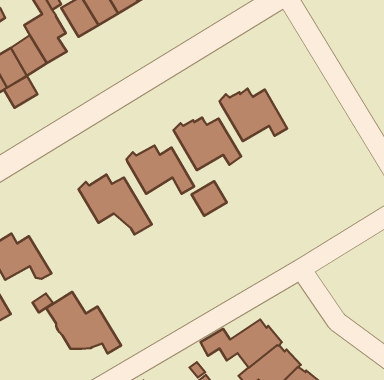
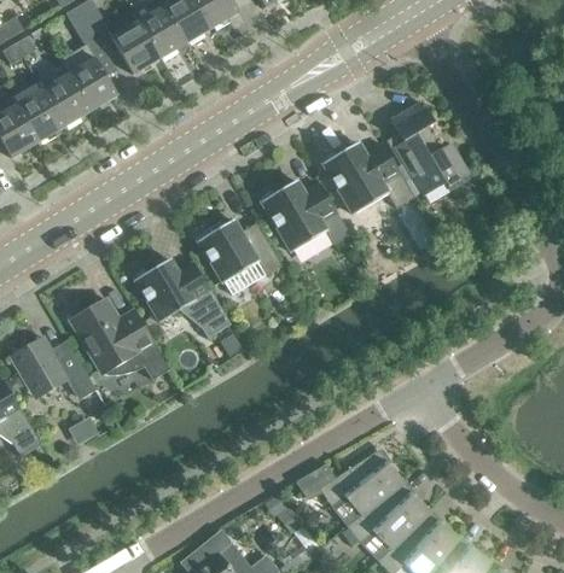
building: none -> [385,103,467,195]
building: [4,76,38,108] -> none
building: [192,181,227,216] -> none
building: [46,292,121,354] -> [69,298,169,380]

